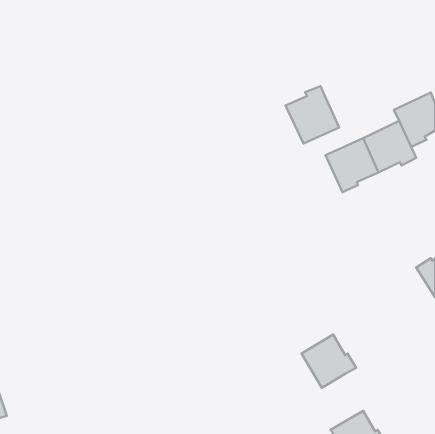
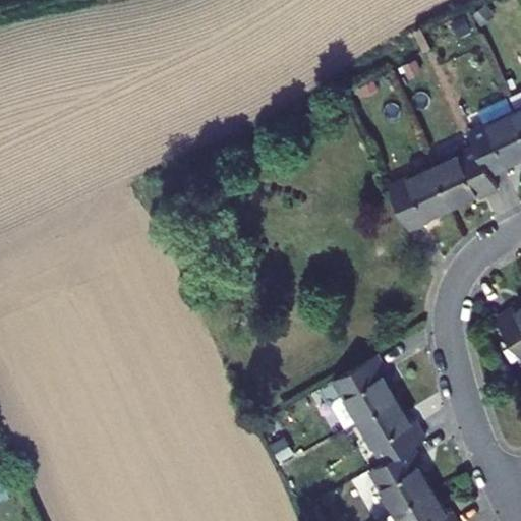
building: [286,86,339,143] -> none
building: none -> [333,358,396,424]
building: none -> [368,449,431,515]

